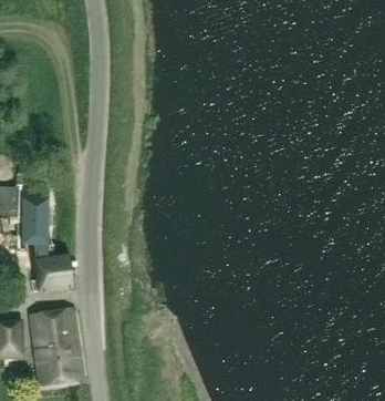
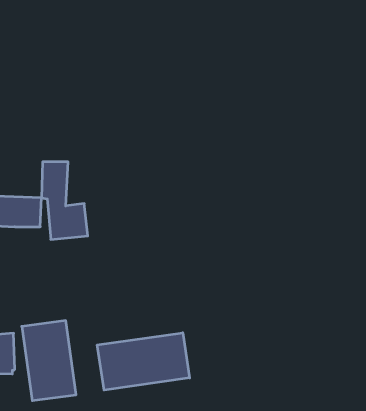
building: [23,217,67,291] -> [41,162,88,239]
building: none -> [97,333,190,390]

